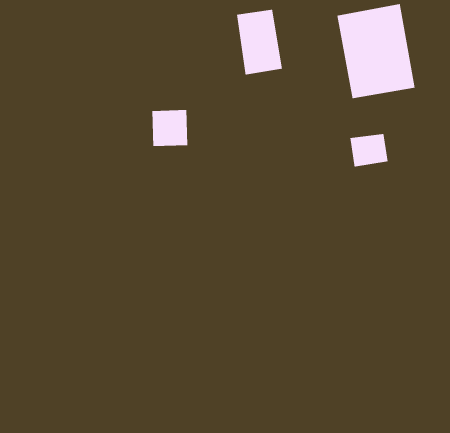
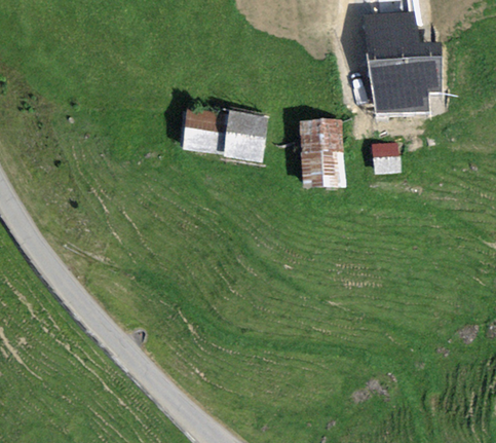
building: [236,9,283,75] -> [302,120,346,183]
building: none -> [231,117,266,159]

